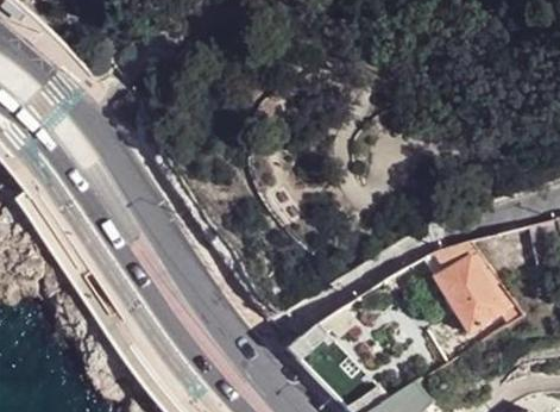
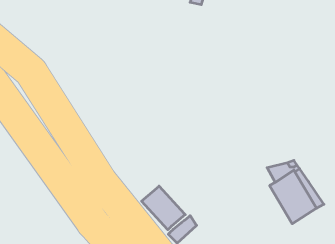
building: none -> [142,186,185,230]

